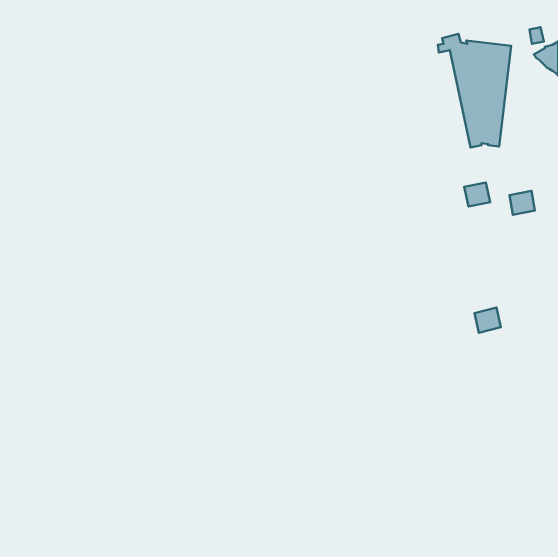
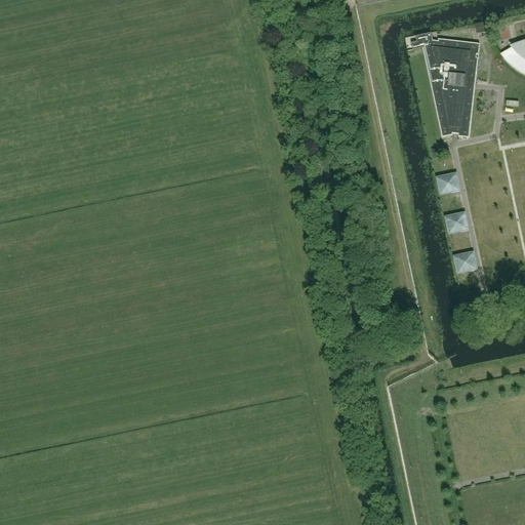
building: [510,191,535,215] -> [445,211,469,234]
building: [475,308,501,333] -> [452,250,477,274]

